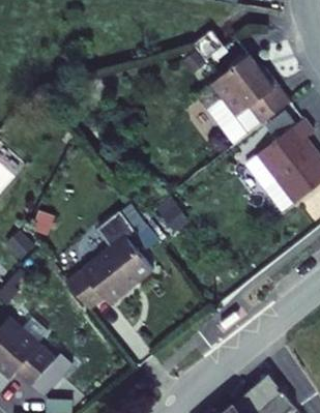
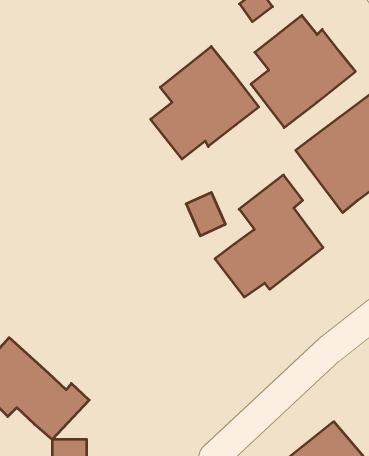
building: none -> [151,46,259,159]
building: [64,210,152,309] -> [215,175,323,297]

